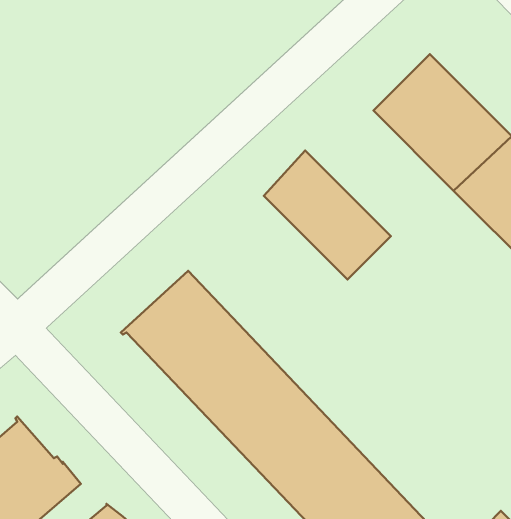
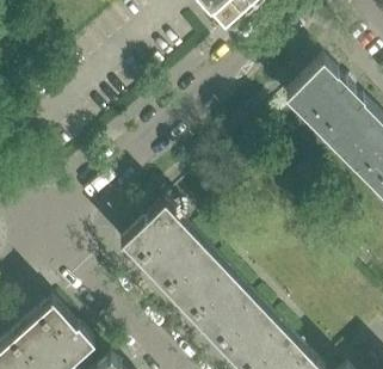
building: [264,150,391,280] -> none

